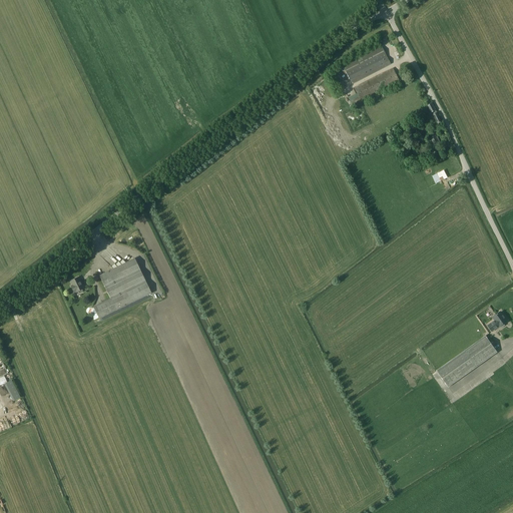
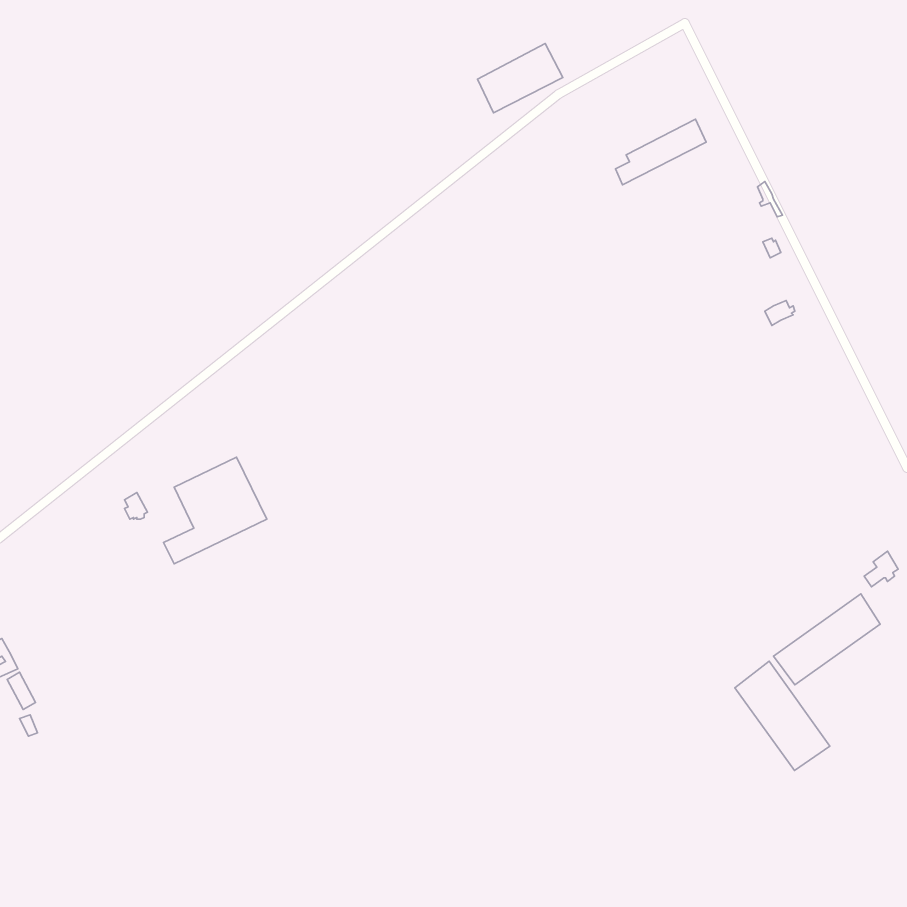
building: [342,44,390,83] -> [478,44,563,113]
building: none -> [735,661,830,771]

